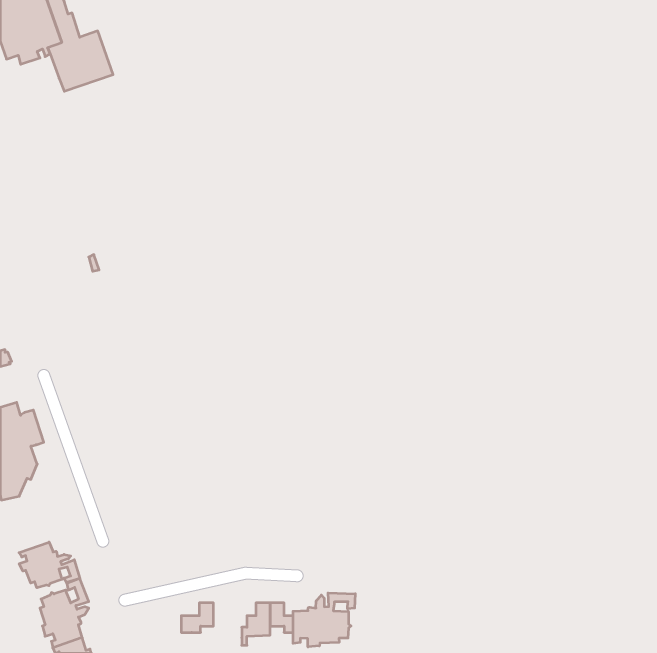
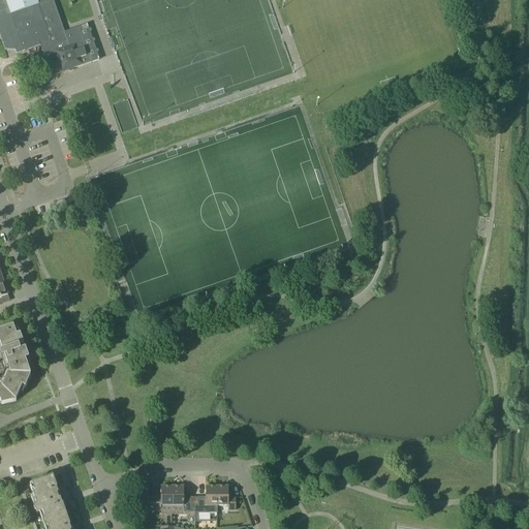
building: [19,542,80,588] -> none
building: [293,593,355,647] -> none
building: none -> [172,485,194,512]

